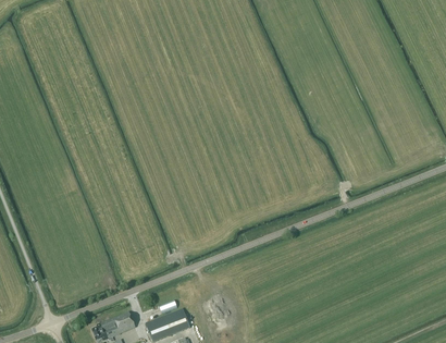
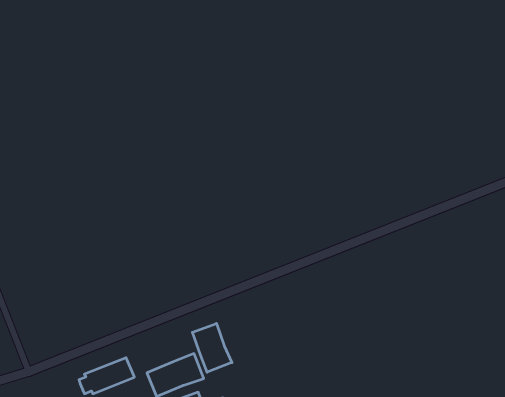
building: none -> [192,323,232,372]

